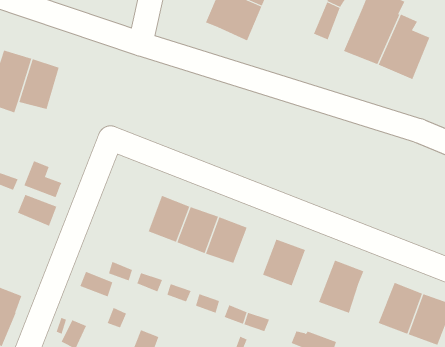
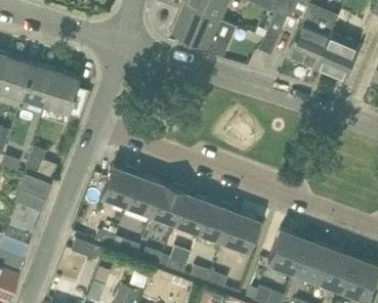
building: none -> [43,71,85,117]
building: none -> [101,167,137,206]
building: none -> [197,203,232,242]
building: none -> [292,239,329,282]

